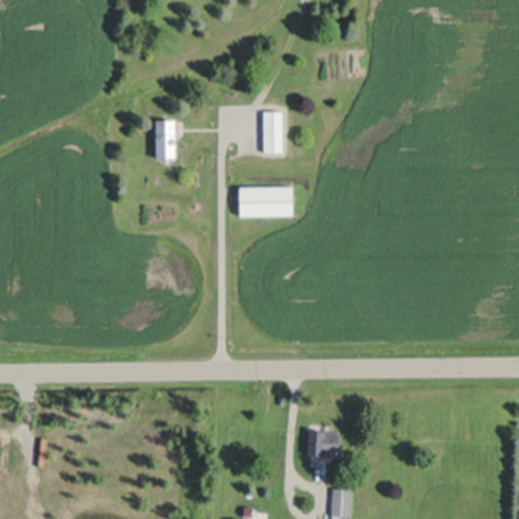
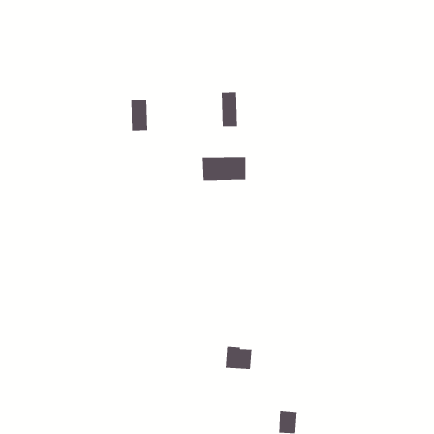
building: [307,430,340,458] -> [225,346,252,370]

